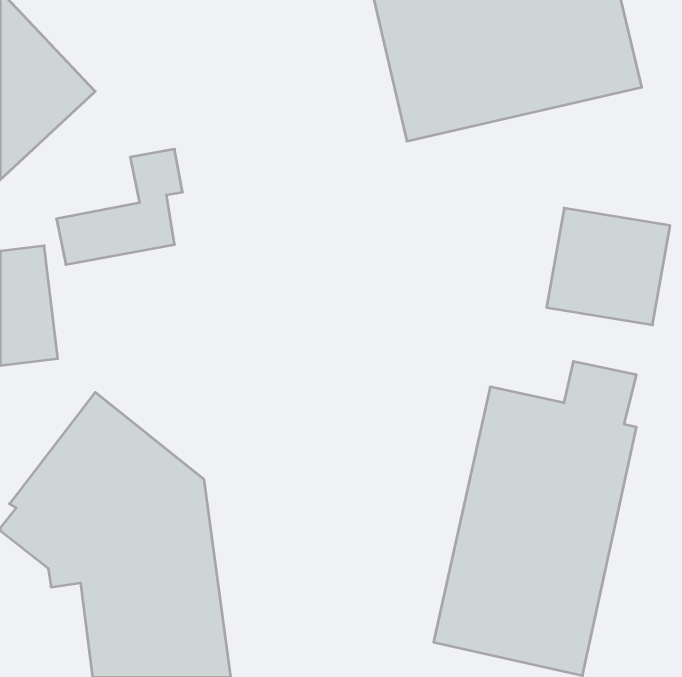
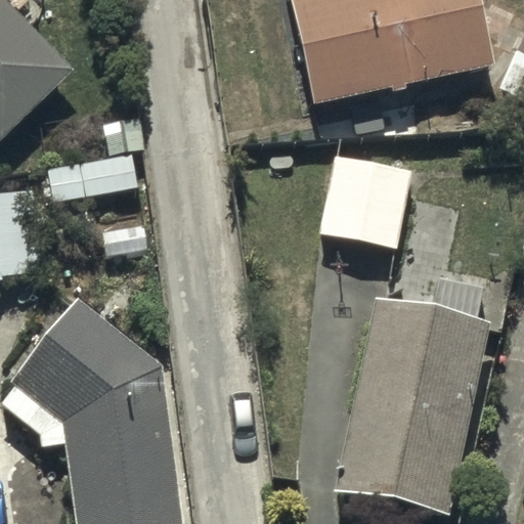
building: [547,208,670,325] -> [319,157,413,246]

